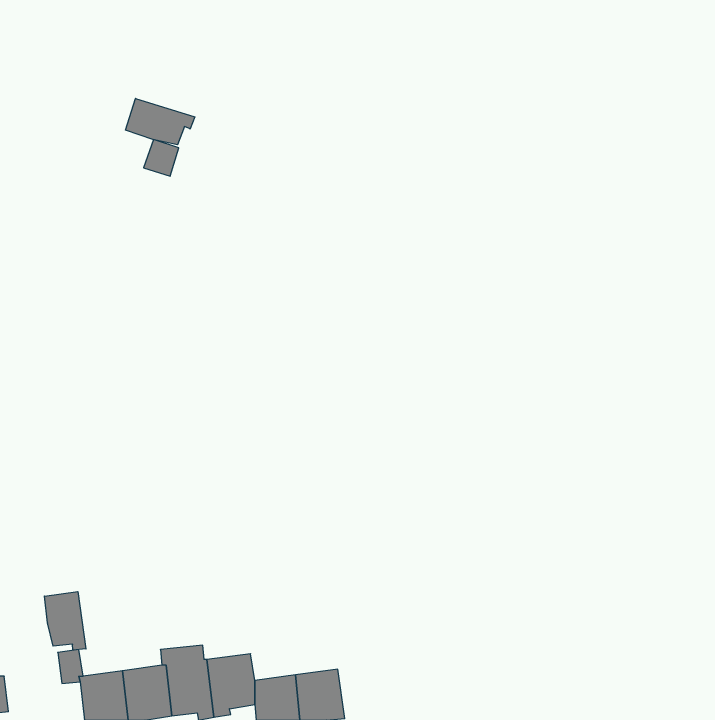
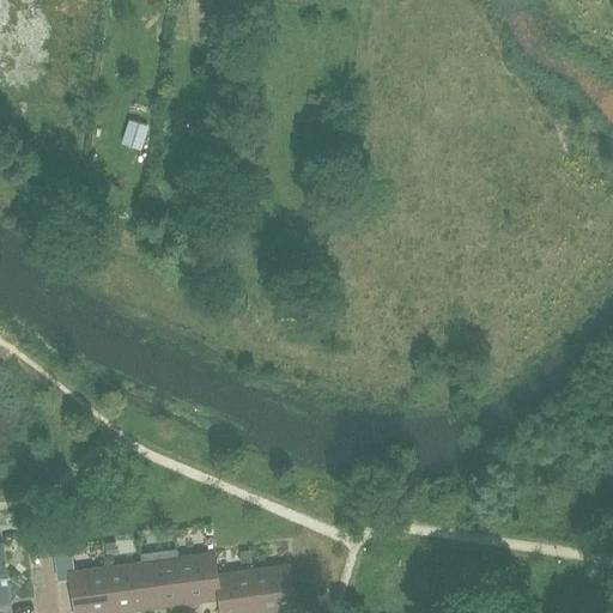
building: [126,98,195,145] -> none
building: [44,592,86,650] -> none

